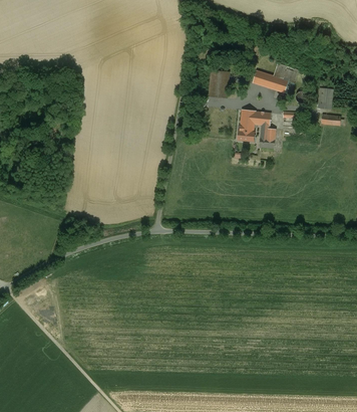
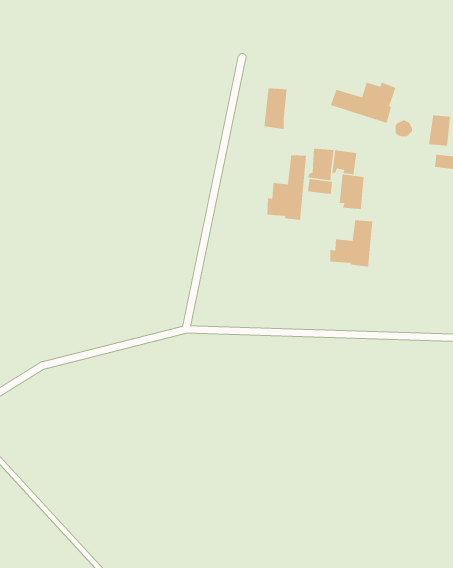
building: none -> [267,155,307,221]
building: none -> [329,220,373,267]

